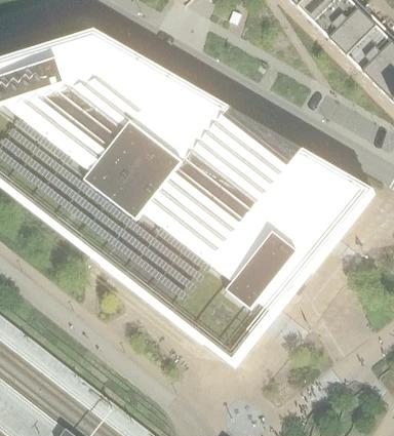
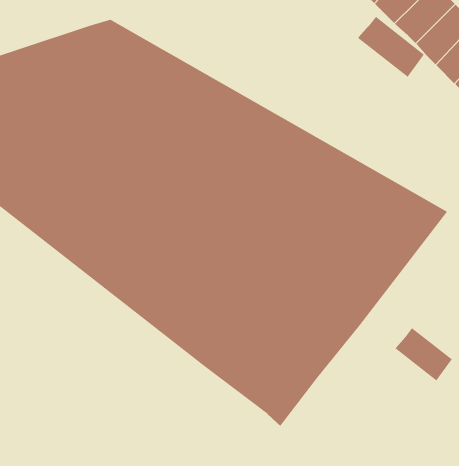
building: none -> [357,16,425,78]
building: none -> [394,327,453,381]

